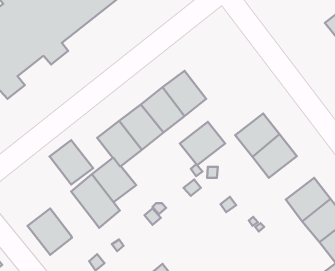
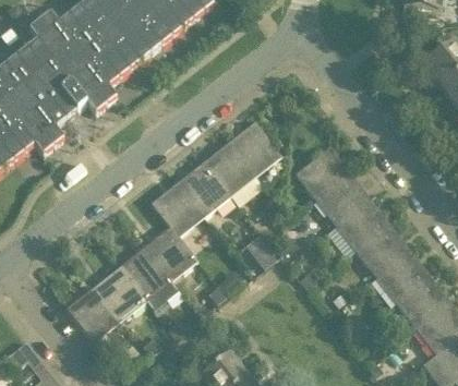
building: [180,122,225,165] -> [294,145,349,197]
building: [50,140,93,185] -> [92,265,144,318]
building: none -> [355,222,410,275]

